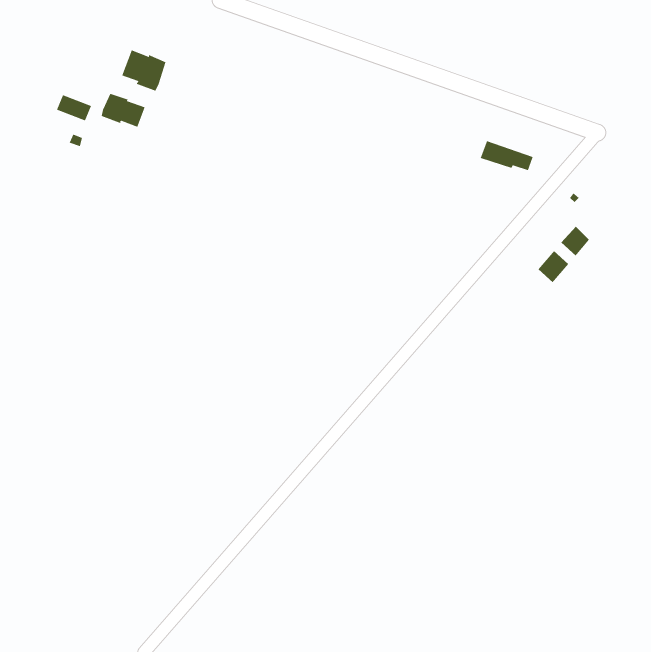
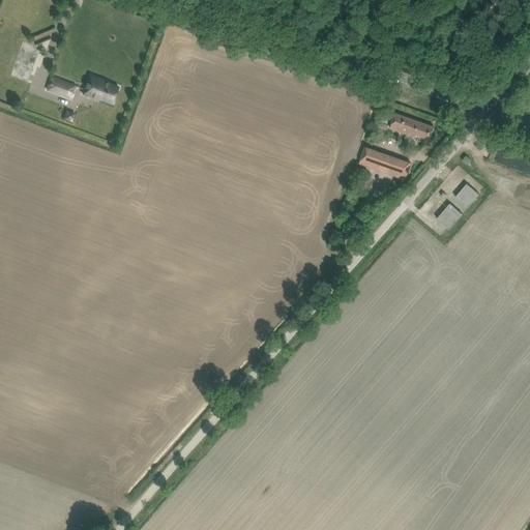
building: [121,49,166,92] -> none
building: none -> [358,146,411,179]

